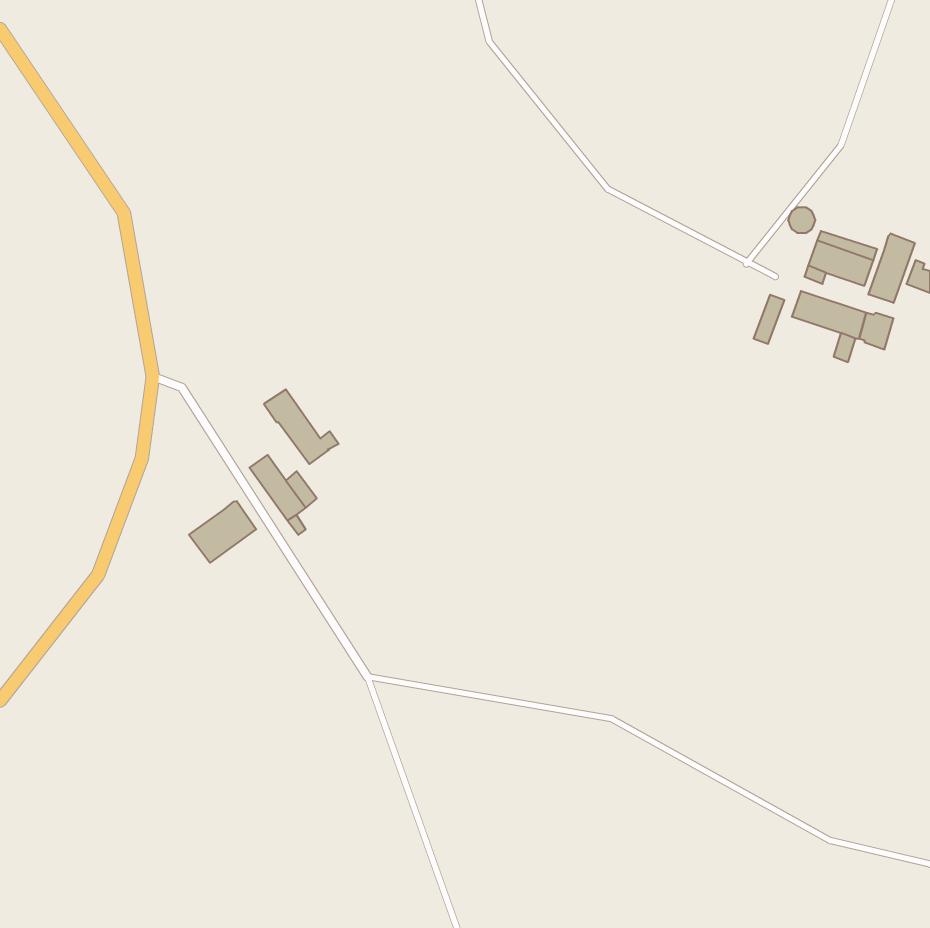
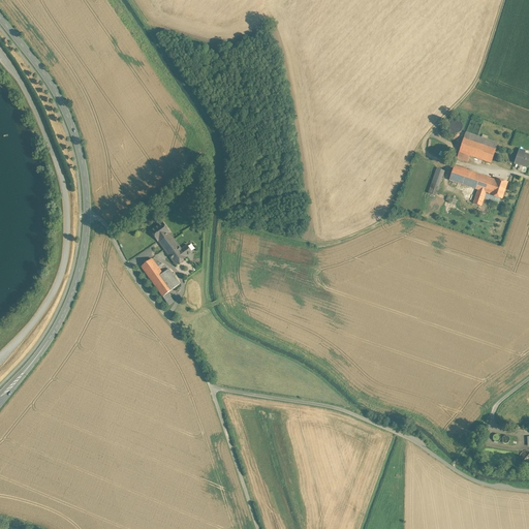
building: [868,233,915,303] -> none
building: [189,501,256,563] -> none

